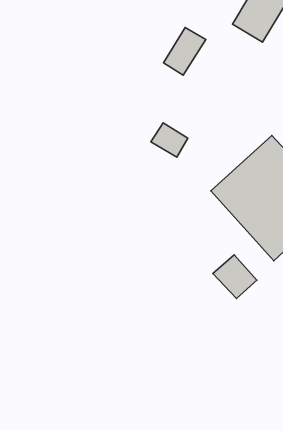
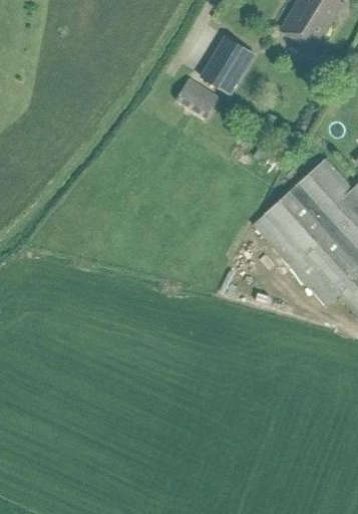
building: [151,123,188,157] -> [175,77,219,117]
building: [213,255,257,299] -> none

